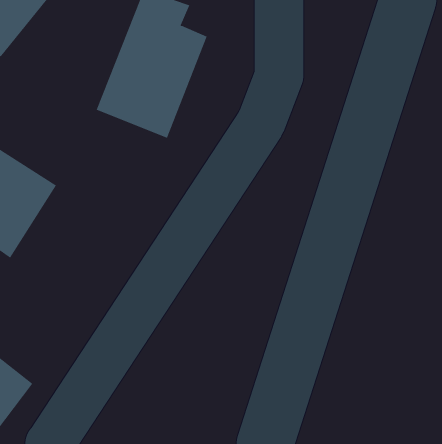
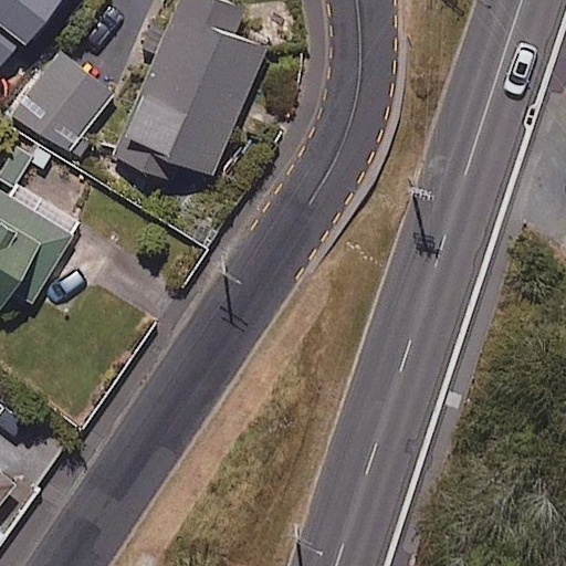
building: none -> [12,50,112,151]

